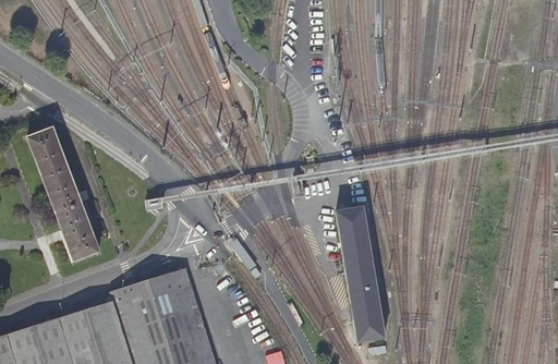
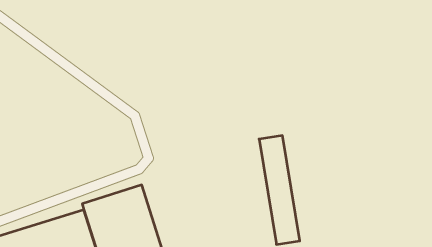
building: [31,131,98,260] -> none

